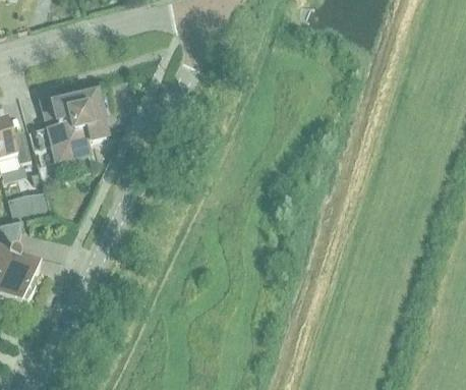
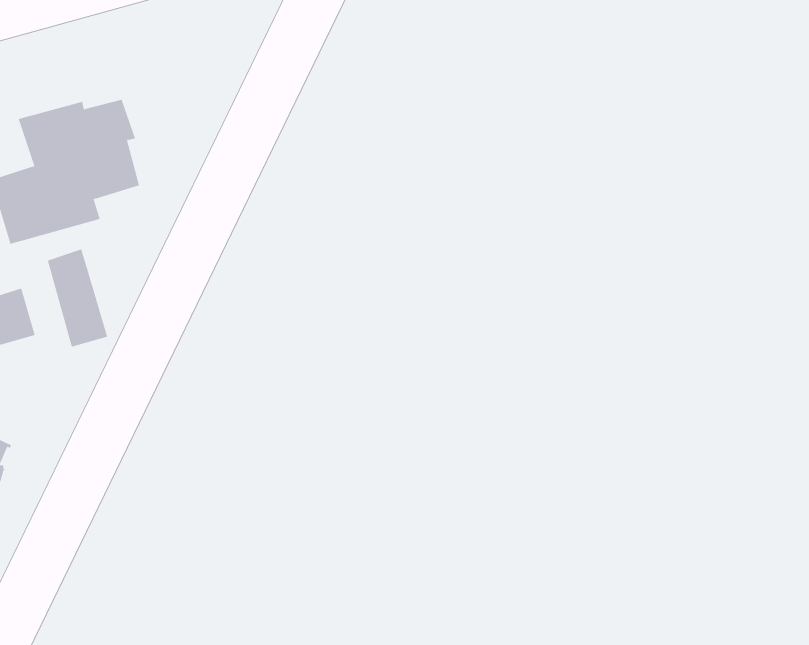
building: none -> [47,249,108,348]

